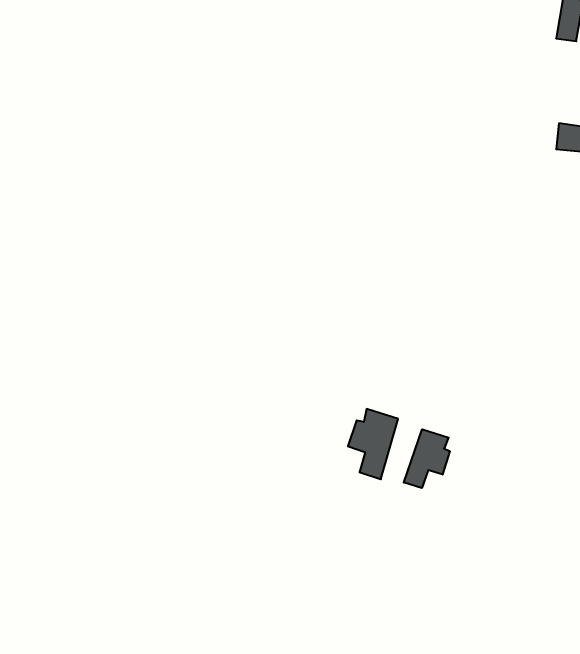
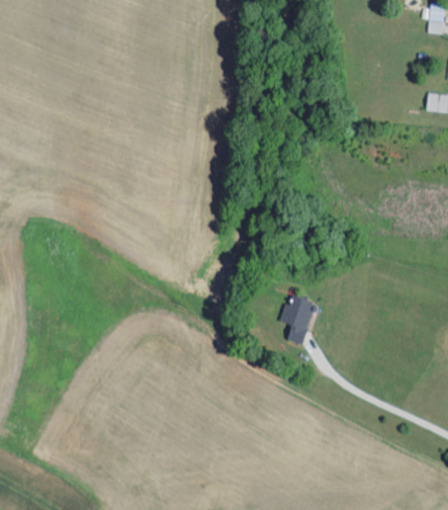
building: [404,429,450,488] -> none

